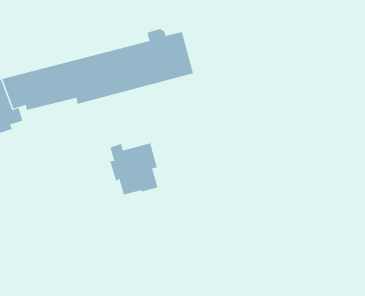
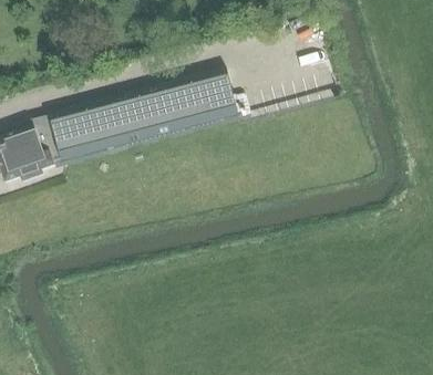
building: [110,143,158,196] -> none

